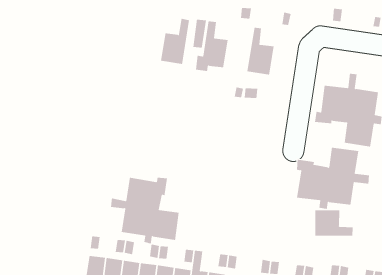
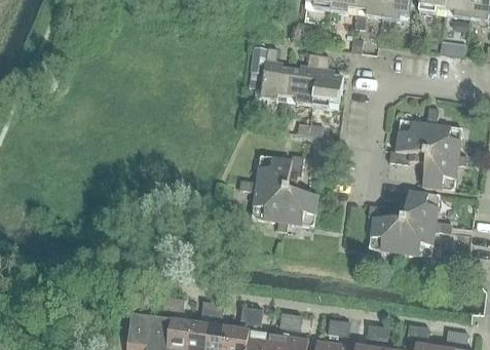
building: [160,18,190,64] -> [286,51,319,104]
building: [110,177,179,244] -> [238,154,317,230]
building: [315,210,353,237] -> none

